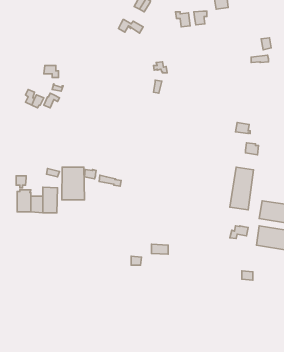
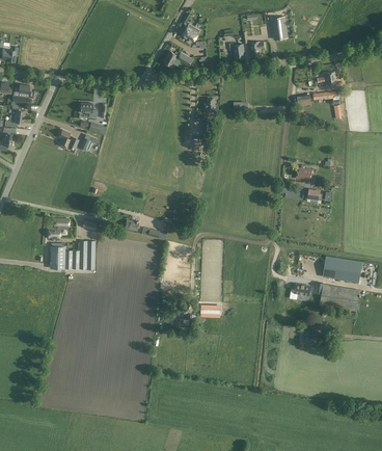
building: [62,167,85,200] -> none
building: [230,167,253,210] -> none

